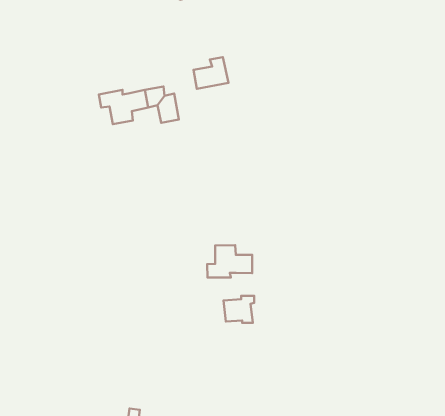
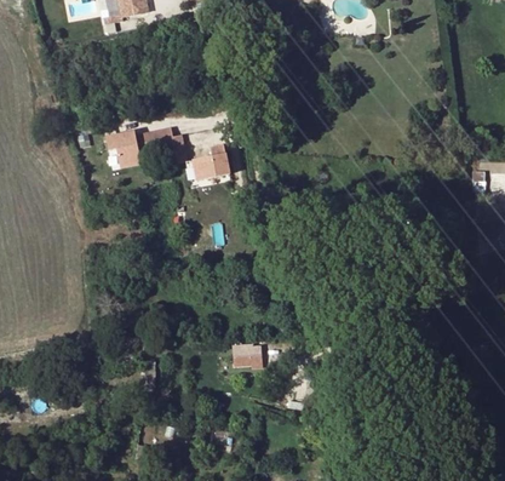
building: [193,57,229,89] -> [193,144,229,177]
building: [207,245,252,278] -> none

